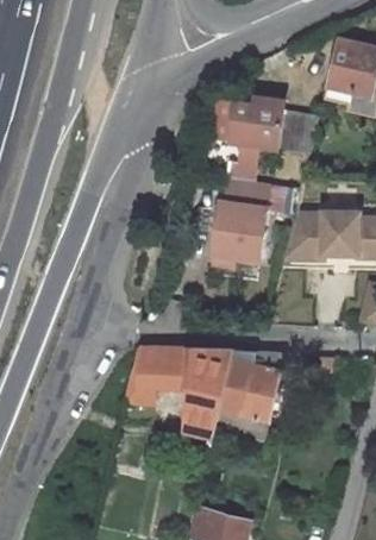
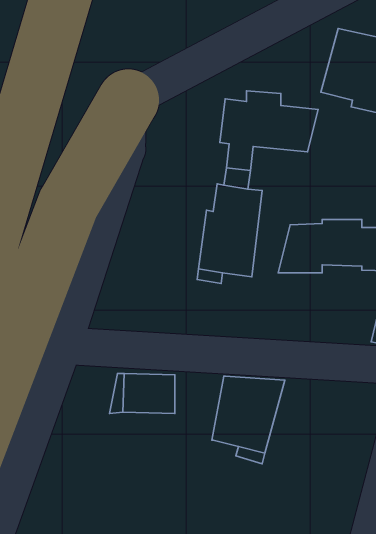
building: [186,350,231,438] -> none

